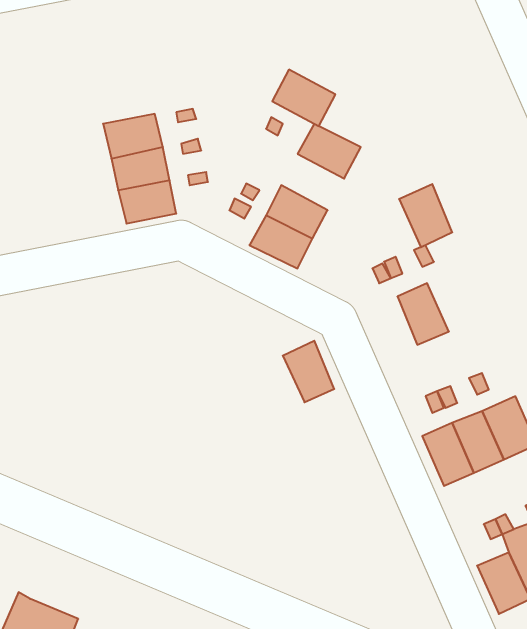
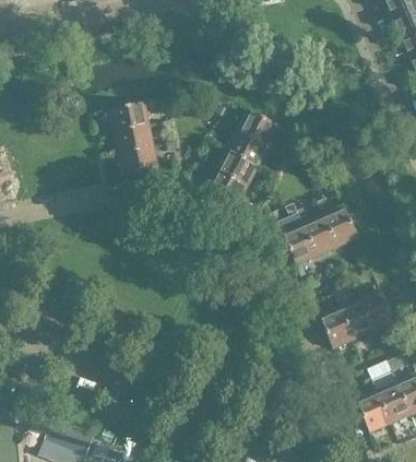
building: [272,70,335,126] -> [227,128,269,165]
building: [399,184,452,247] -> [323,203,358,245]
building: [283,341,334,402] -> [283,222,317,262]

